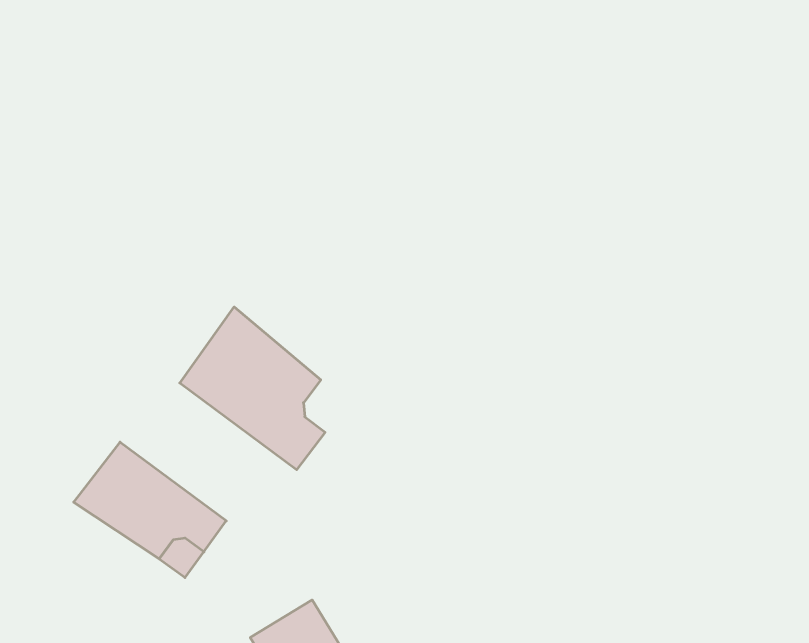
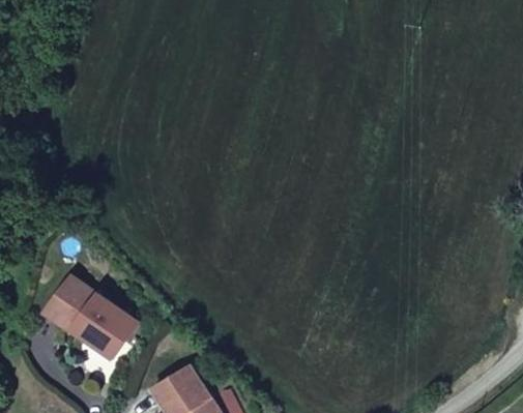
building: [180,307,325,470] -> none

